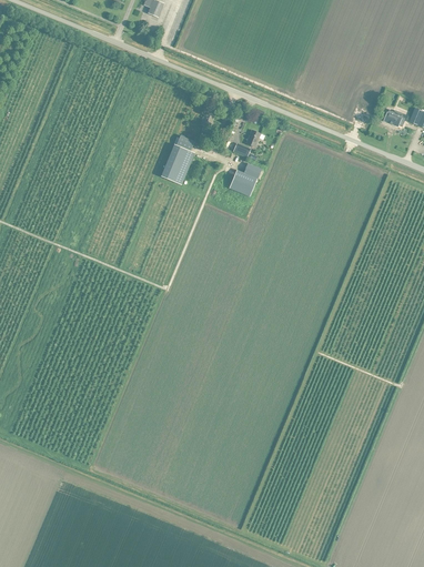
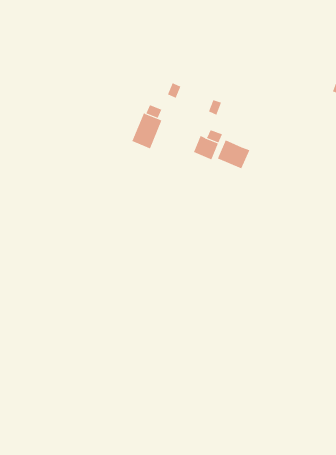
building: none -> [217,139,250,169]

